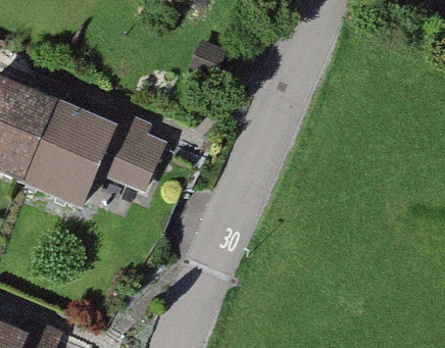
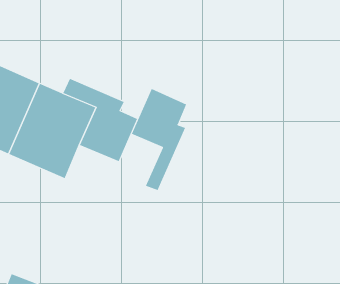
building: none -> [131,88,187,191]

